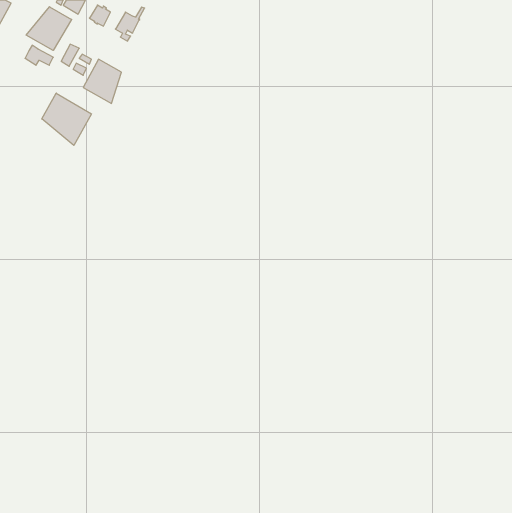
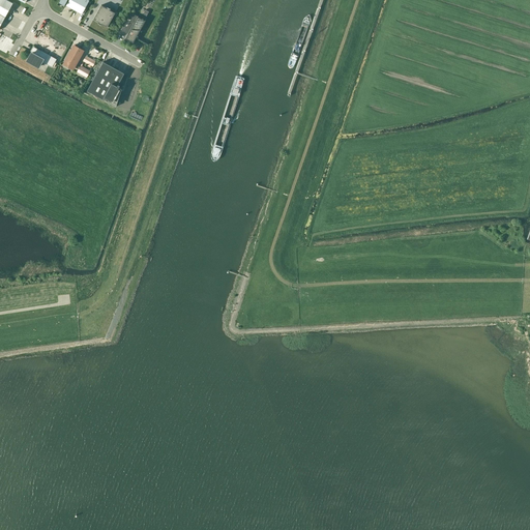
building: [26,7,72,50] -> none
building: [42,93,91,145] -> none

